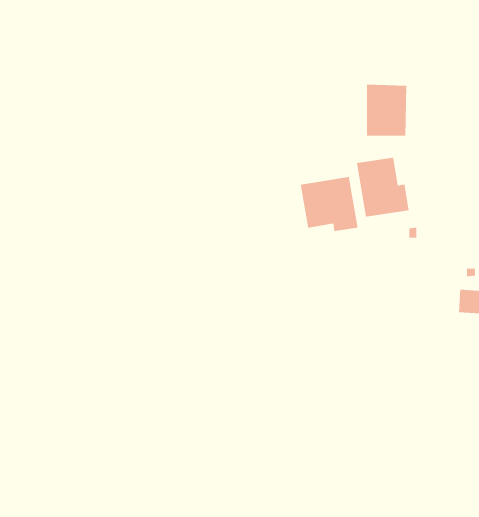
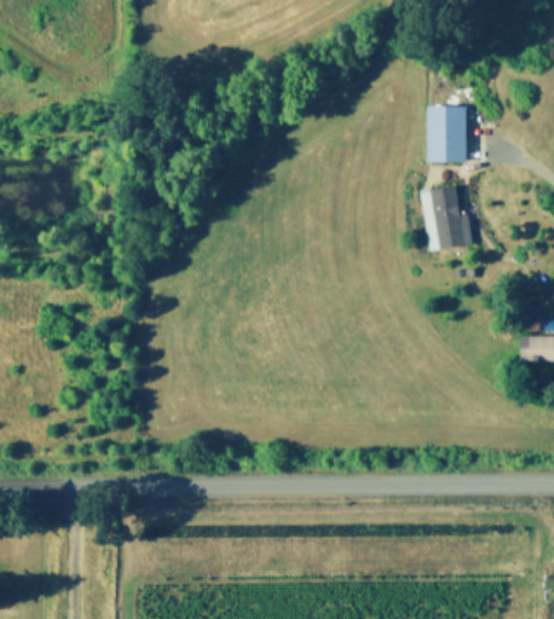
building: [300,176,358,232] -> none

